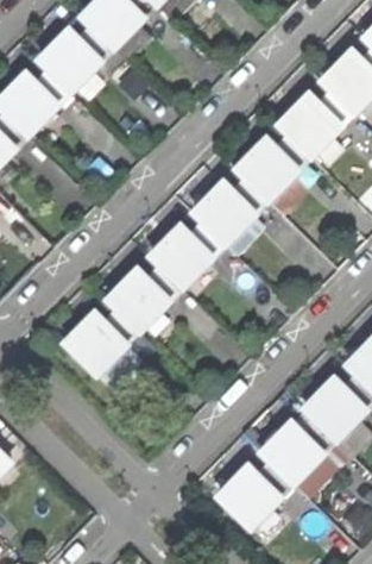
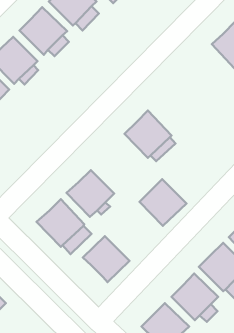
building: [275,89,343,158] -> none
building: [232,133,302,202] -> none
building: [146,223,215,292] -> [140,179,186,226]
building: none -> [83,236,129,282]

